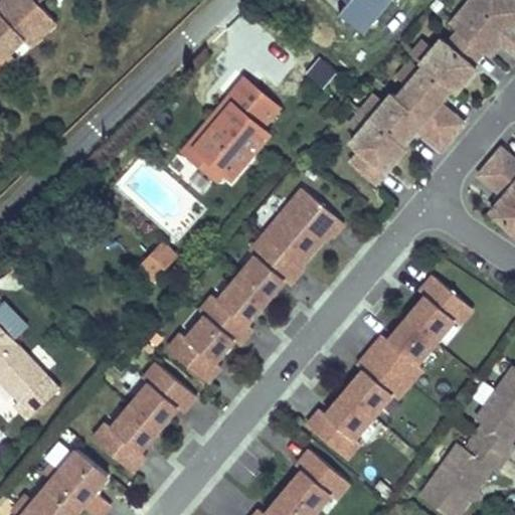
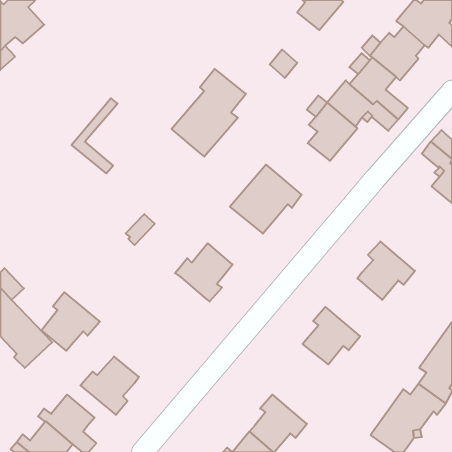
building: [180,98,232,183] -> [72,98,118,173]
building: [236,235,302,301] -> none
building: [168,315,233,381] -> none
building: [370,317,435,382] -> none
building: [130,362,196,428] -> [41,292,100,351]
building: [306,391,373,459] -> none

